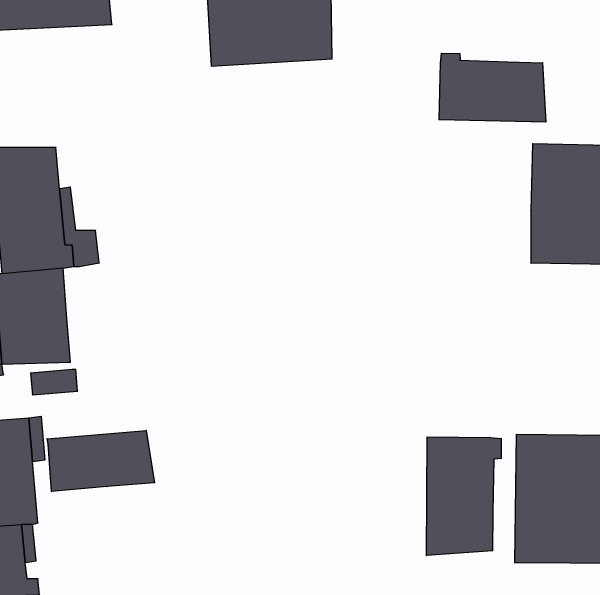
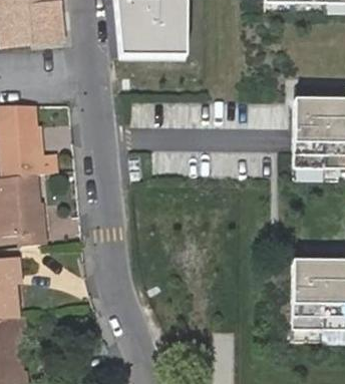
building: [439,53,546,122] -> none
building: [47,430,154,492] -> none
building: [426,437,501,556] -> none

